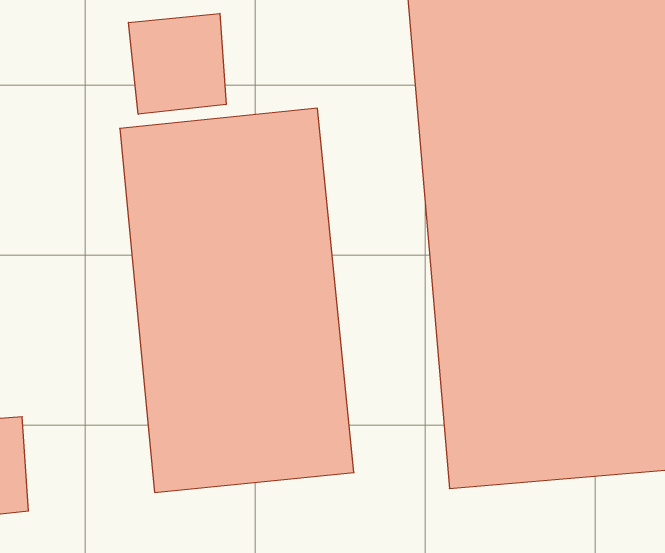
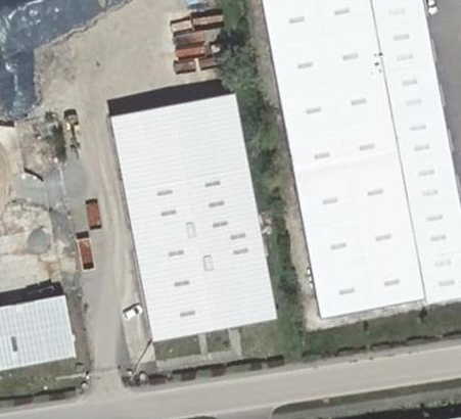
building: [129,13,226,114] -> none

